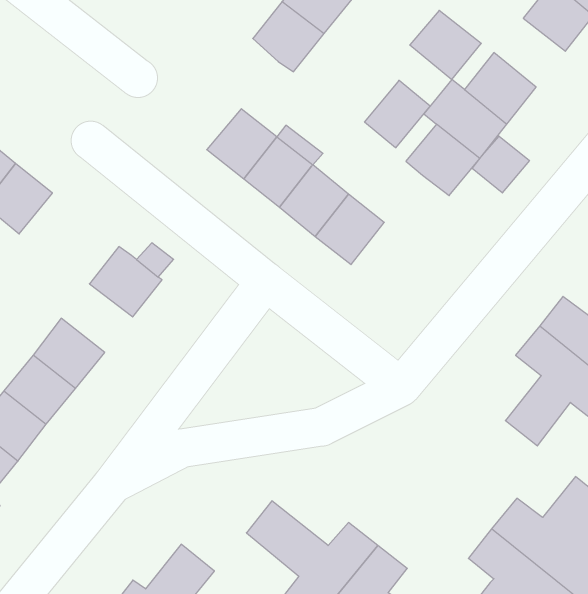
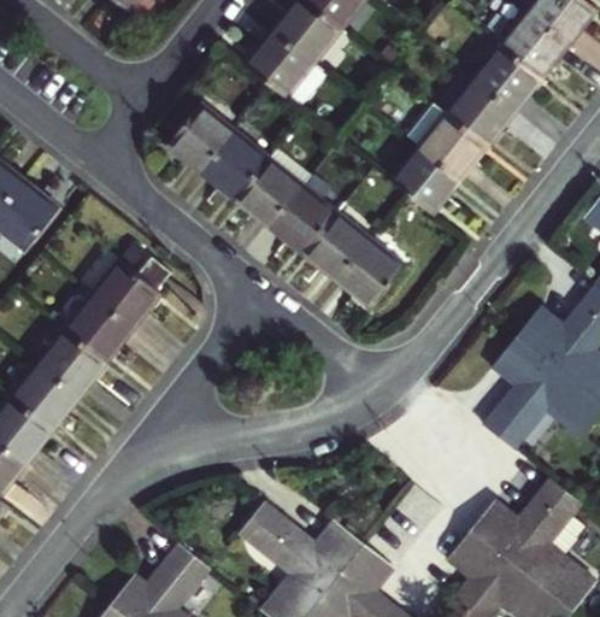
building: [410,10,481,79] -> [473,47,541,112]
building: none -> [169,105,235,171]
building: [365,80,430,148] -> none
building: [472,136,529,193] -> none
building: none -> [339,240,407,308]
building: none -> [65,298,133,363]

